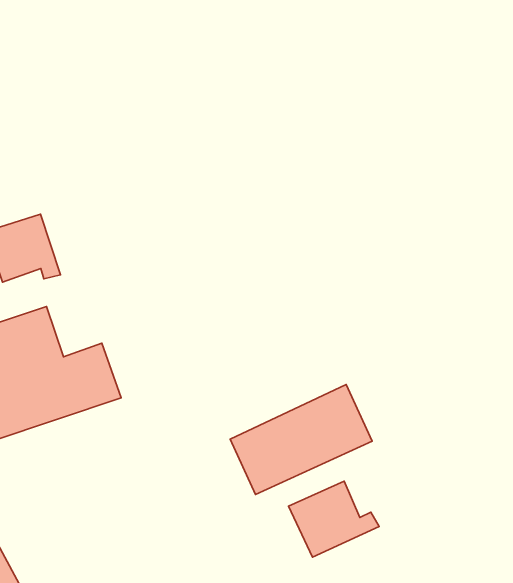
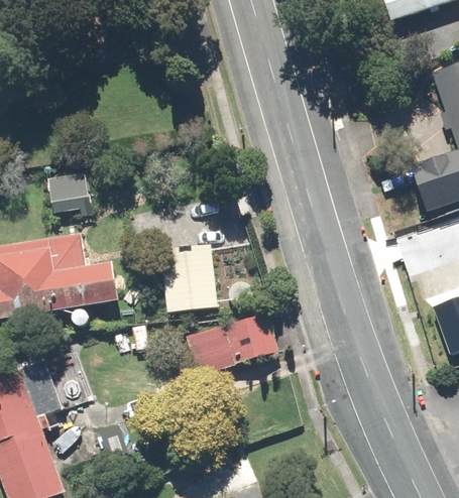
building: none -> [160,243,218,312]
building: [289,481,379,557] -> none

